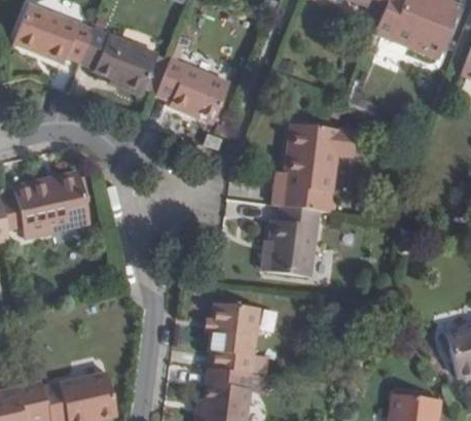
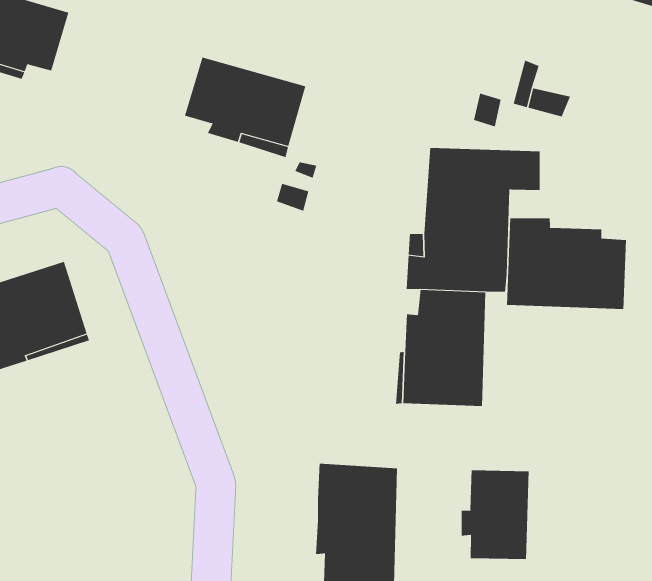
building: [82,27,159,95] -> none
building: none -> [506,218,626,310]
building: none -> [461,470,529,560]

